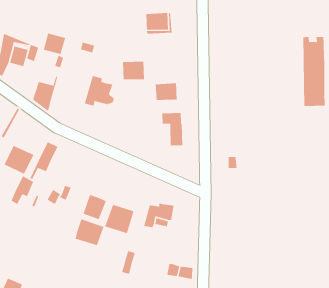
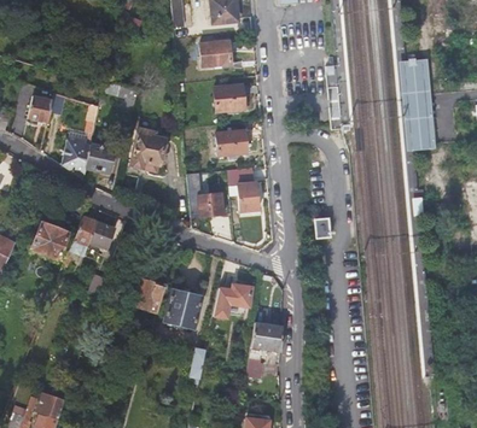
building: [43,32,66,55] -> [86,142,115,170]
building: [122,61,145,80] -> [214,84,244,111]
building: none -> [188,182,225,215]
building: [10,175,34,205] -> [86,221,115,259]
building: [74,218,104,246] -> none
building: none -> [251,322,283,352]

